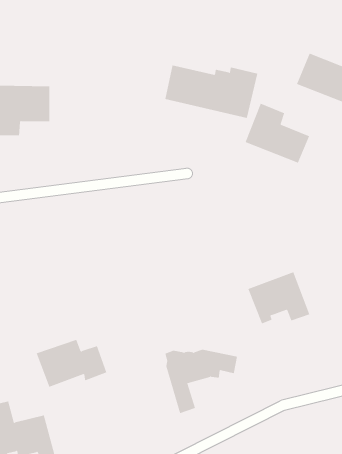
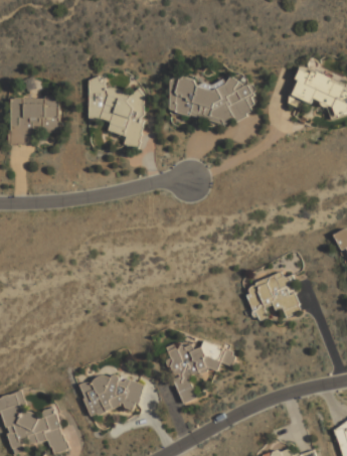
building: none -> [88,79,144,147]
building: [245,103,310,164] -> none
building: [36,339,107,388] -> [79,371,146,417]

